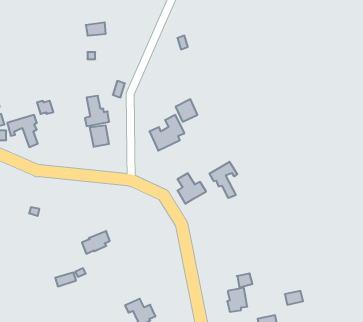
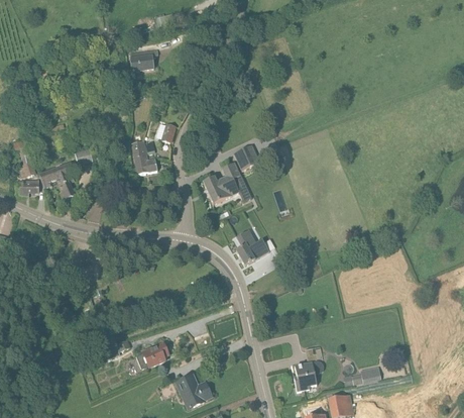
building: [90,125,109,147] -> none
building: [210,162,237,198] -> none
building: [82,231,110,254] -> [136,342,168,369]

